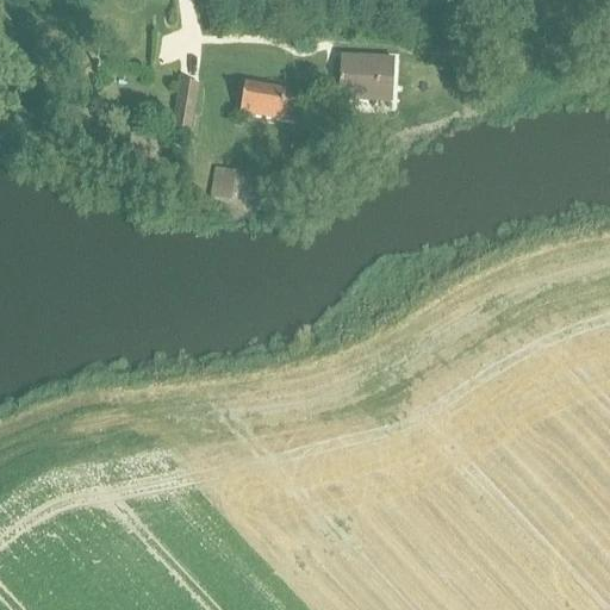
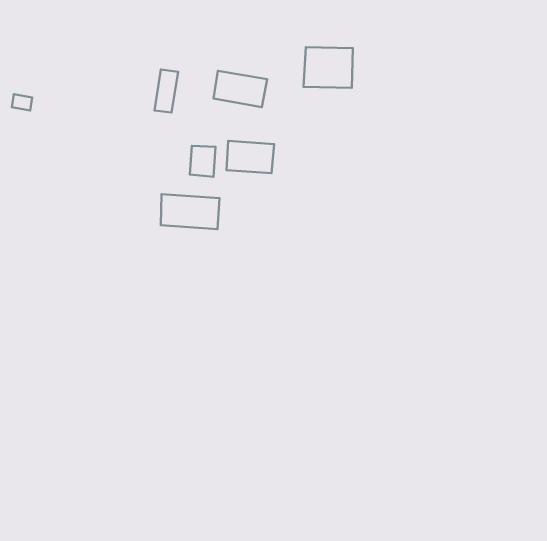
building: none -> [227,141,274,173]
building: none -> [161,194,219,229]

